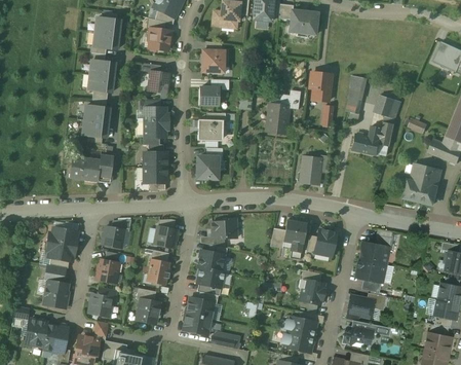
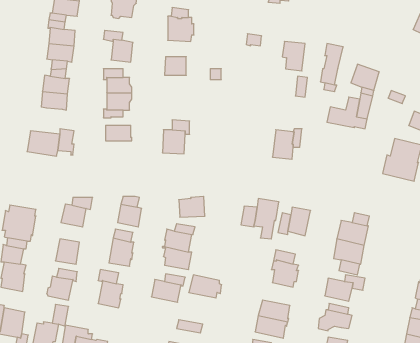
building: [265,89,300,134] -> none
building: [197,119,223,141] -> none
building: [143,167,167,183] -> none
building: [182,314,213,335] -> [189,275,222,298]

